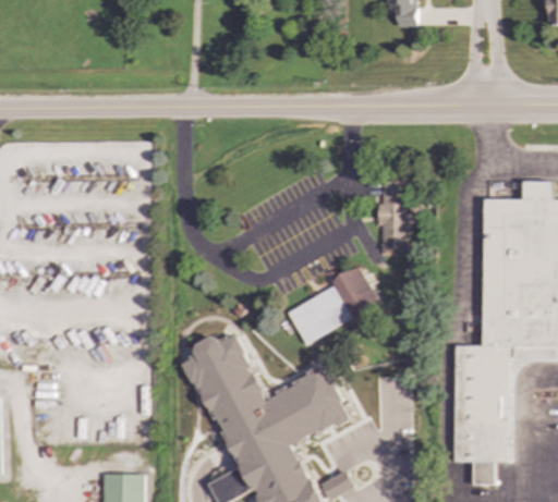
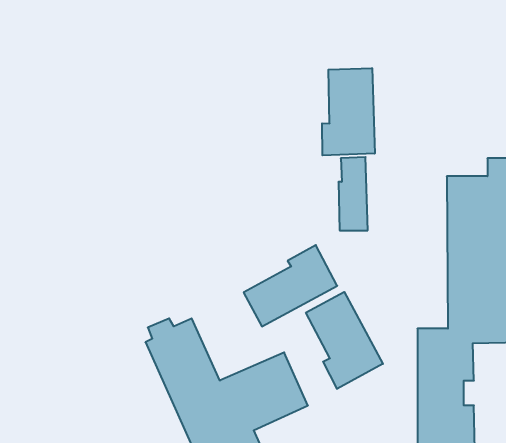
building: none -> [322,68,375,155]
building: none -> [306,292,383,389]

